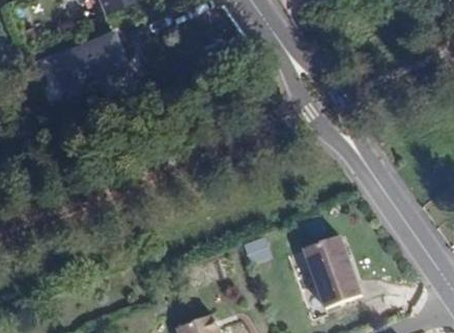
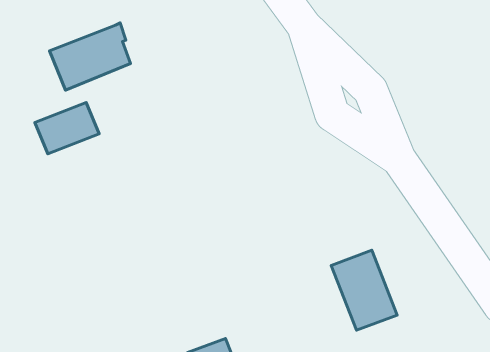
building: none -> [35,102,99,154]

